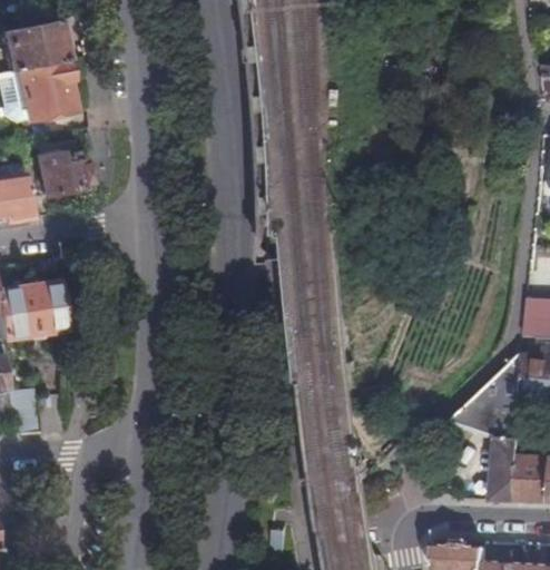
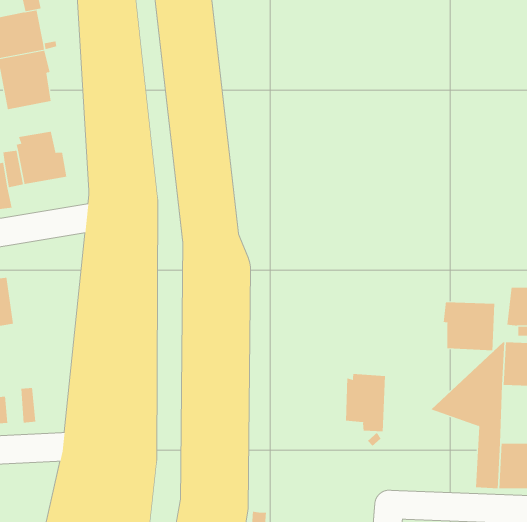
building: [28,283,67,335] -> none
building: none -> [443,302,495,351]
building: none -> [345,373,385,432]

